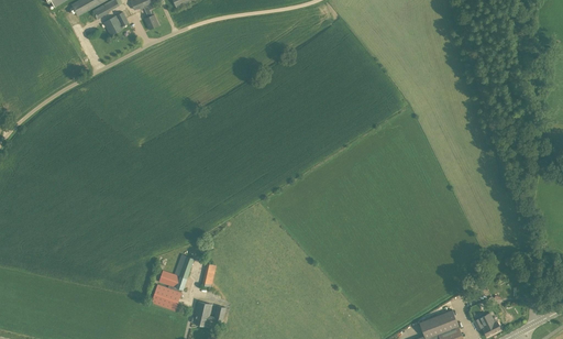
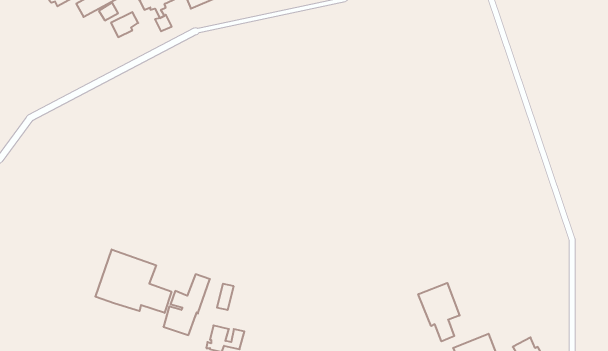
building: none -> [95,249,171,313]
building: none -> [418,283,460,341]

